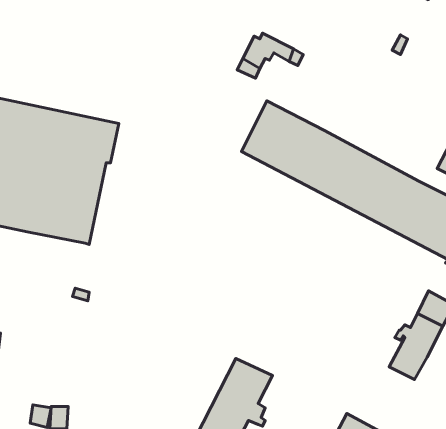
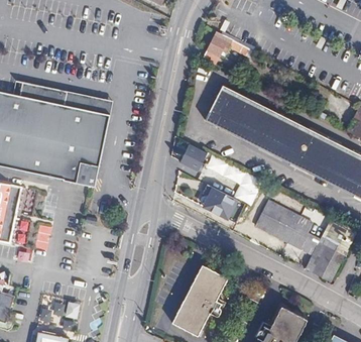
building: none -> [182,142,210,169]
building: none -> [202,184,237,217]
building: none -> [256,199,326,253]

